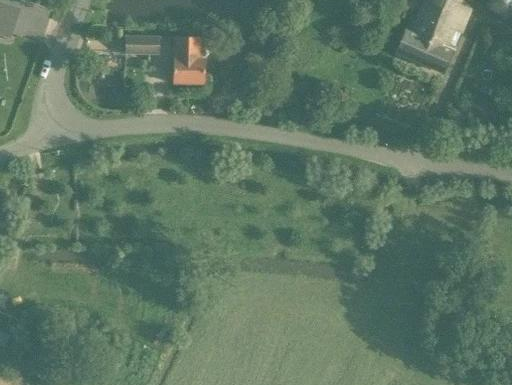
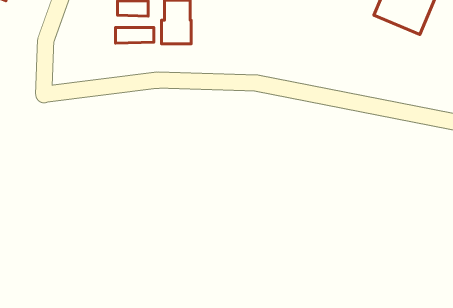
building: none -> [115,28,154,43]

